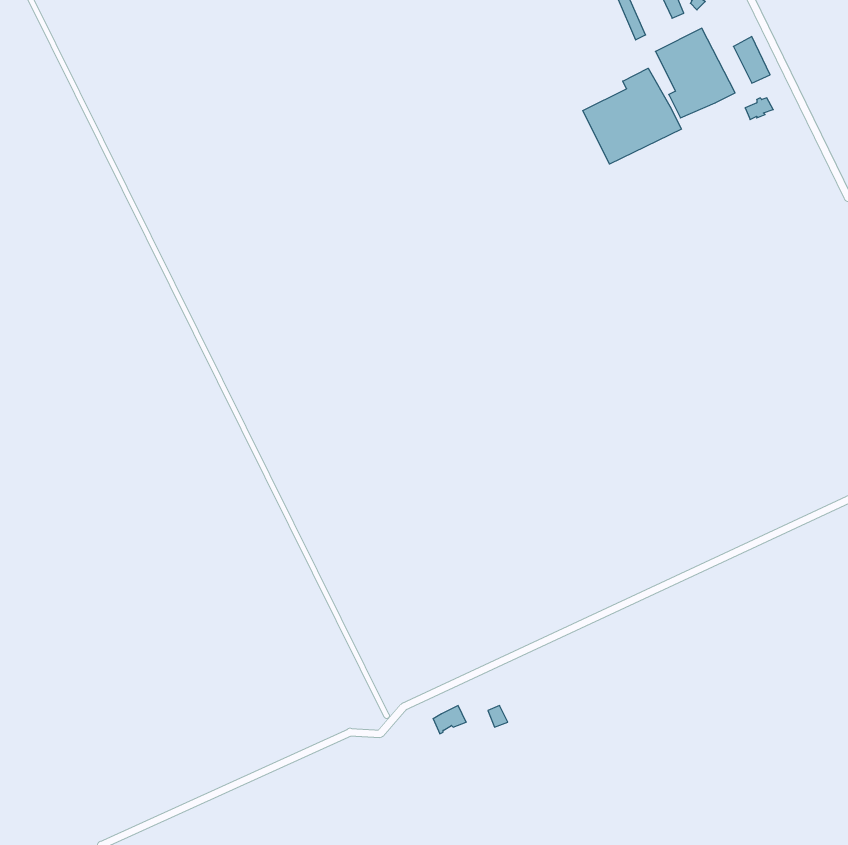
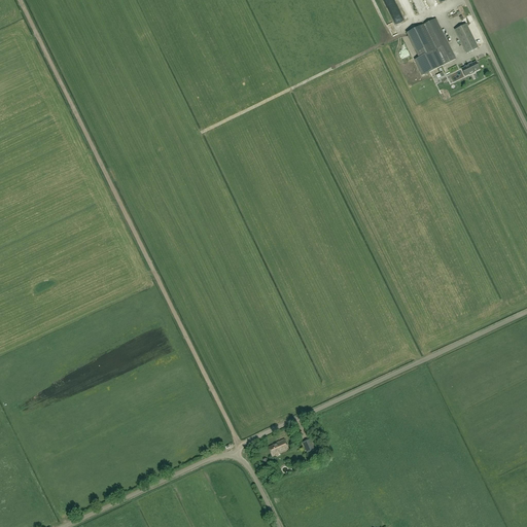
building: [583,68,681,164] -> none

